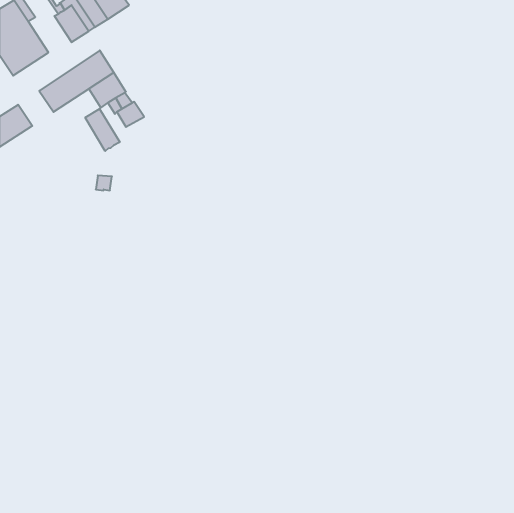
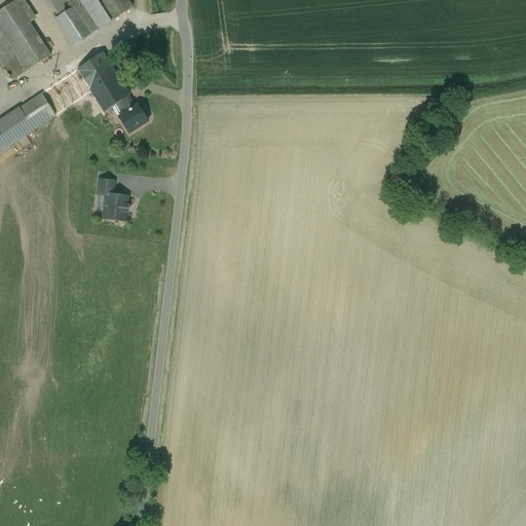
building: none -> [18,92,54,128]
building: [85,109,120,151] -> none
building: none -> [104,193,128,219]

